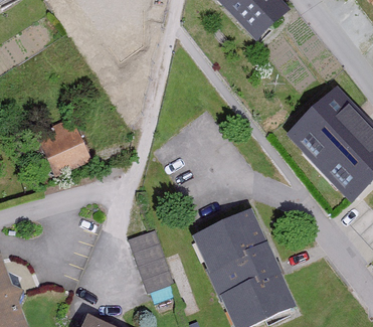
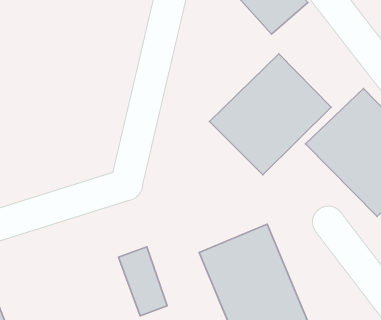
building: none -> [209,54,331,175]
building: [30,118,86,176] -> none

